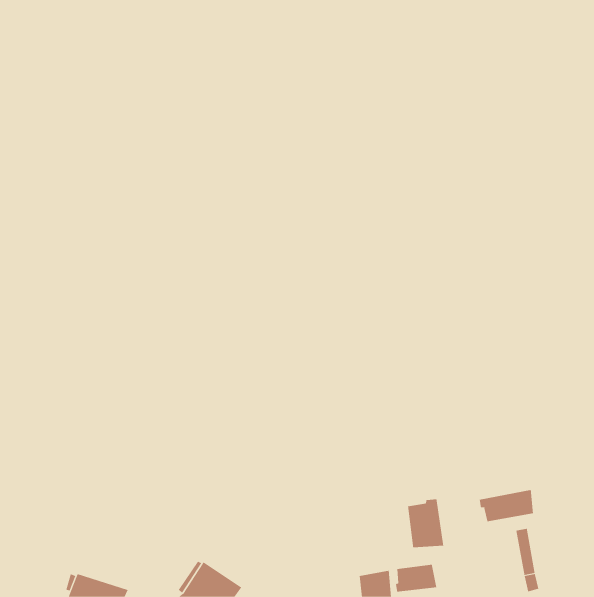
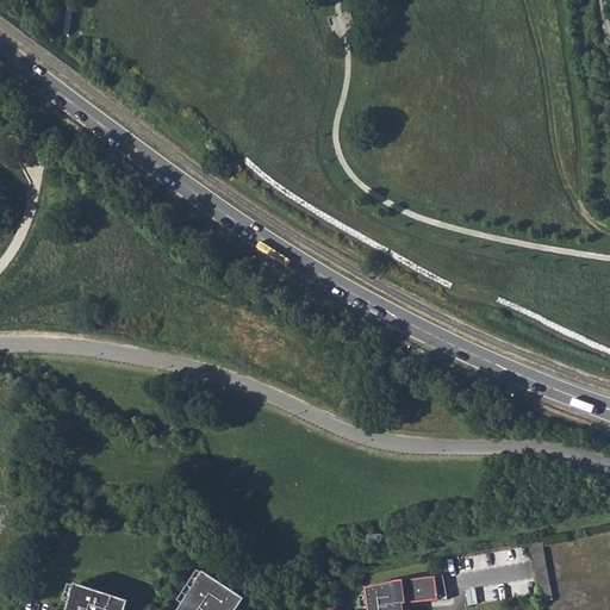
building: [479,489,533,522] -> none
building: [407,498,444,548] -> none

